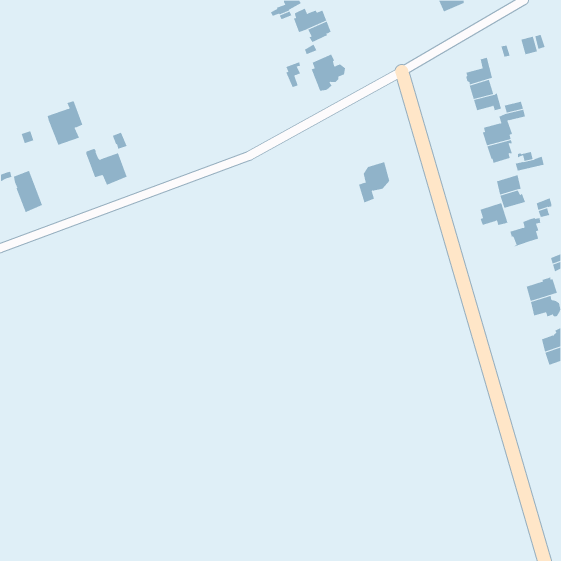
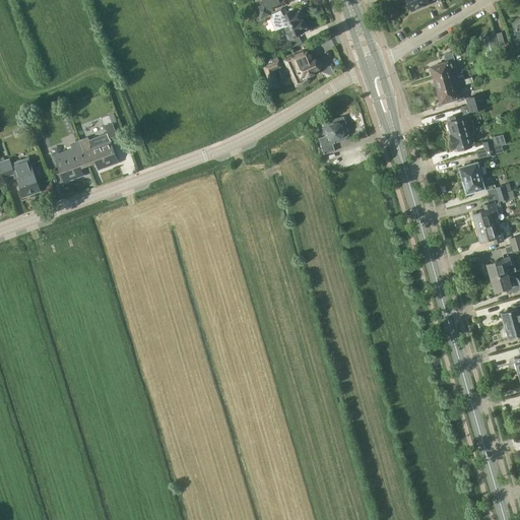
building: [47,101,83,146] -> [54,142,87,184]
building: [358,161,390,203] -> [319,117,348,155]
building: [478,202,508,226] -> [475,221,504,243]

